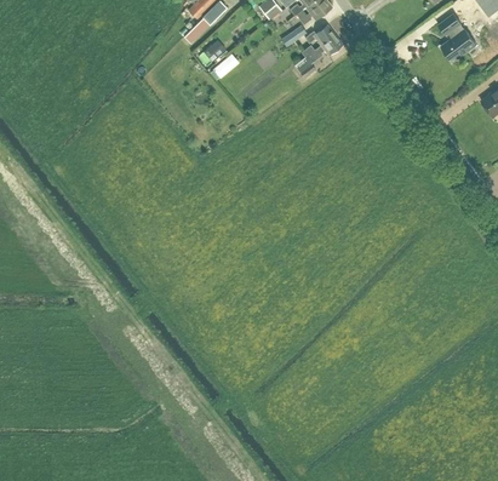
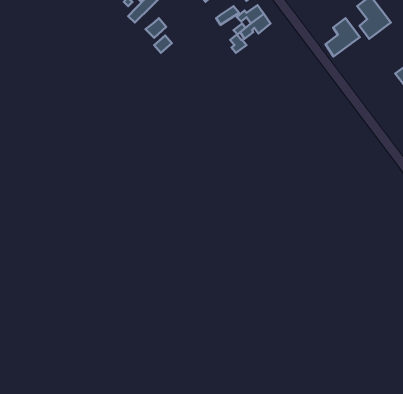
building: none -> [325,18,360,56]

